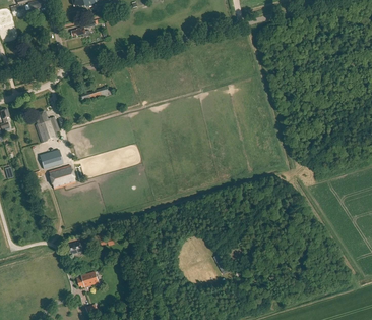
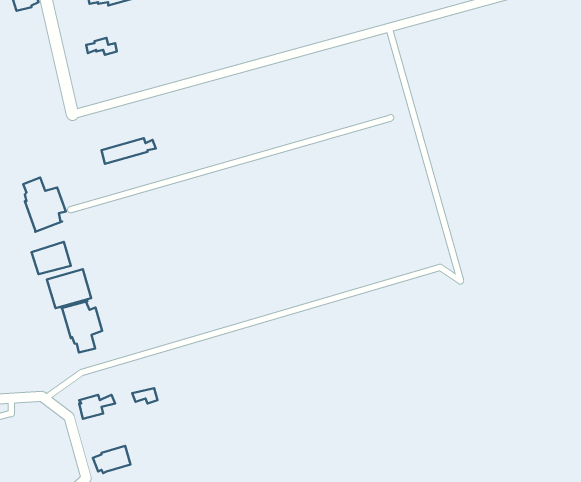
building: none -> [62,301,102,352]

